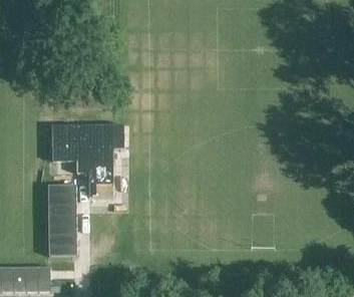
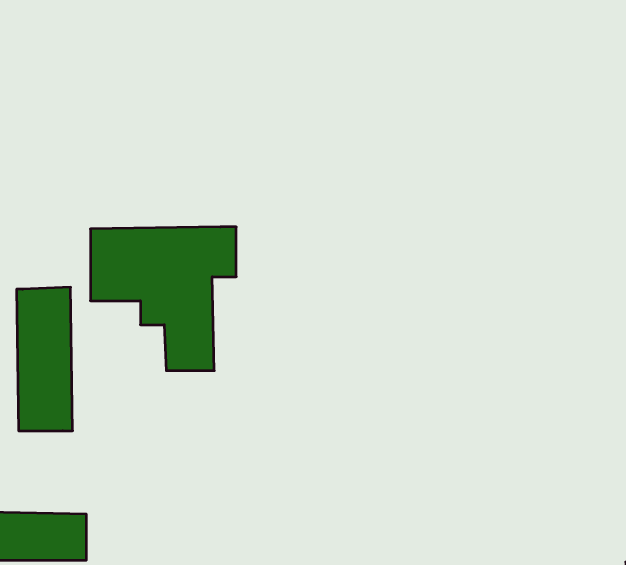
building: [48,183,76,255] -> [17,287,73,431]

